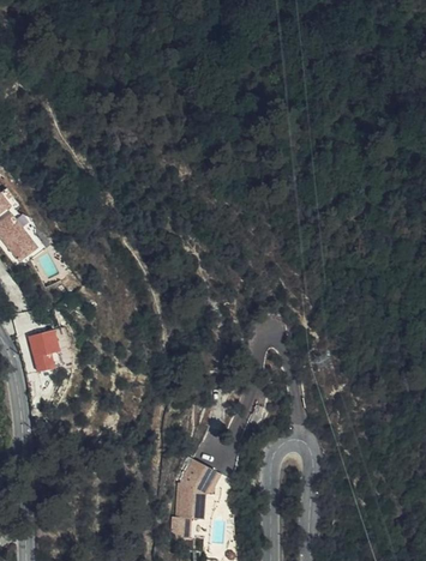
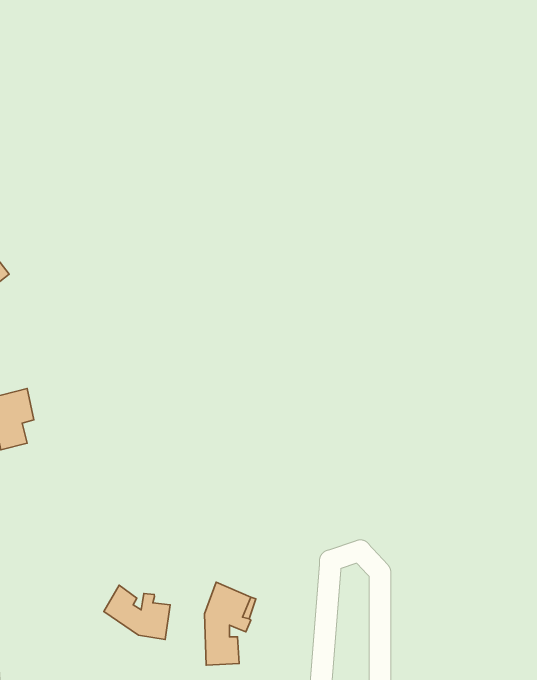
building: none -> [104,585,170,639]

